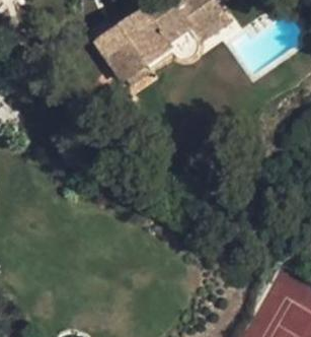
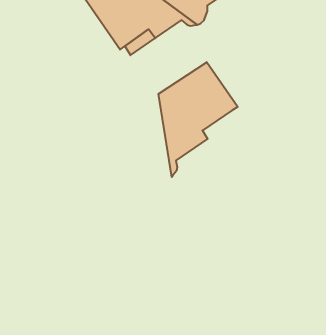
building: none -> [158,62,238,177]

